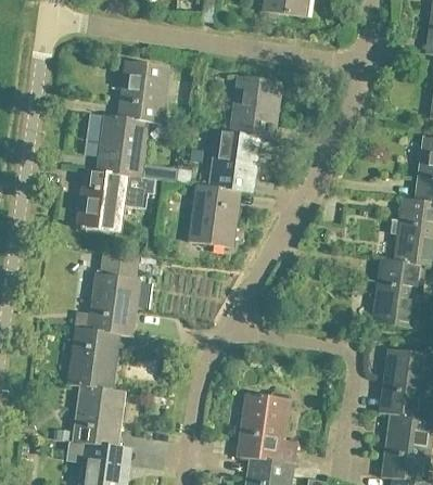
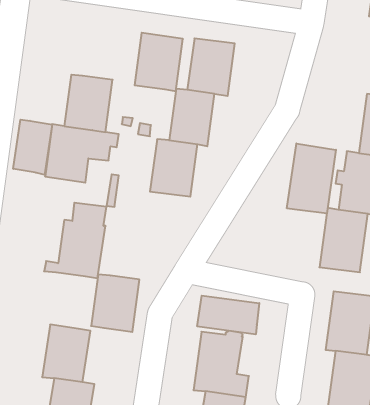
building: [116,60,168,123] -> [135,33,183,91]
building: none -> [13,120,52,175]
building: none -> [287,143,336,214]
building: [67,327,119,388] -> [91,275,139,332]
building: none -> [197,296,259,334]

